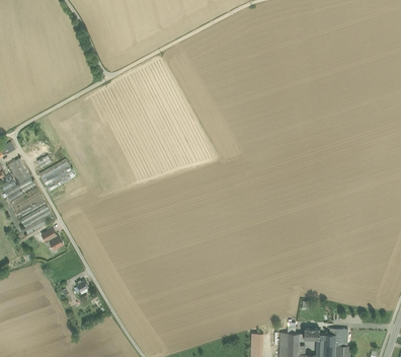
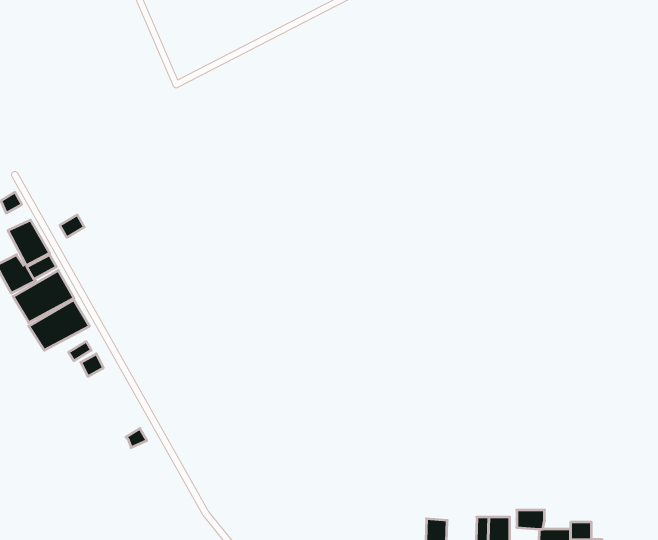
building: [39,158,76,191] -> none

